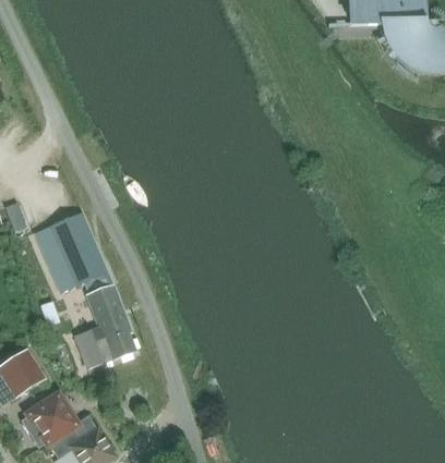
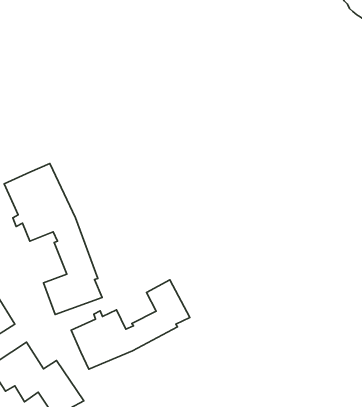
building: none -> [71,280,190,369]

